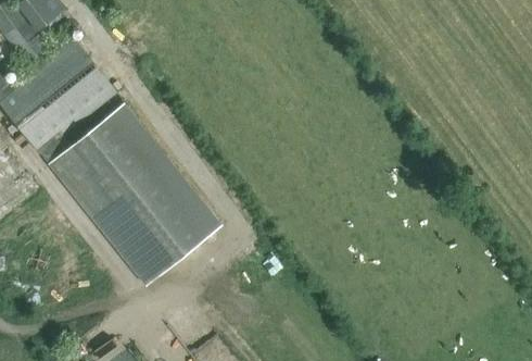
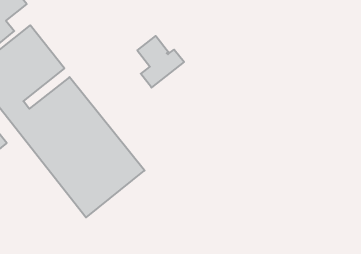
building: none -> [137,36,184,88]

